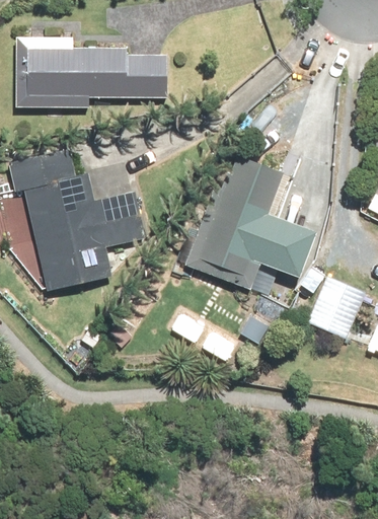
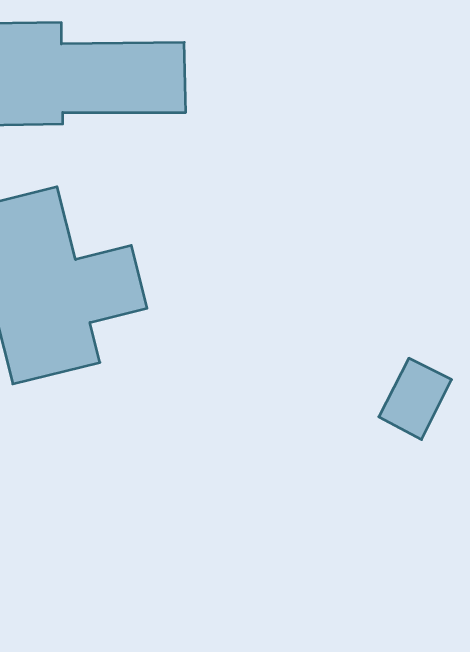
building: [182,154,325,290] -> none

